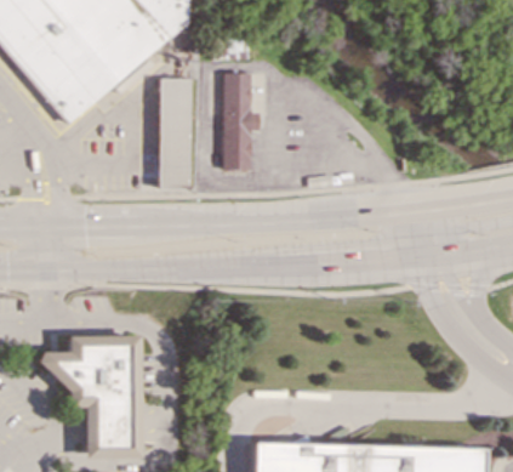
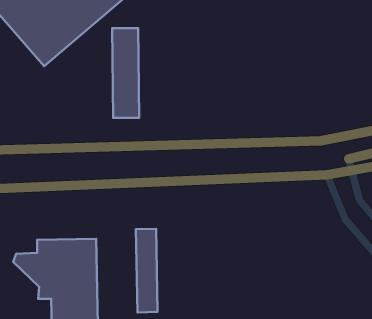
building: [222,72,258,169] -> none
building: none -> [136,229,158,313]

